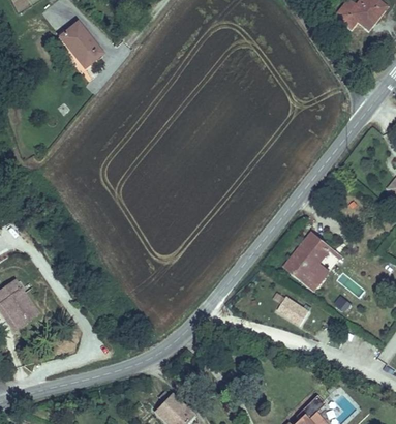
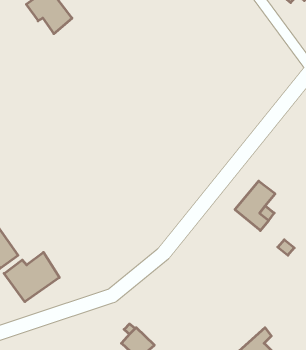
building: [276,297,310,329] -> none
building: none -> [4,252,59,302]

